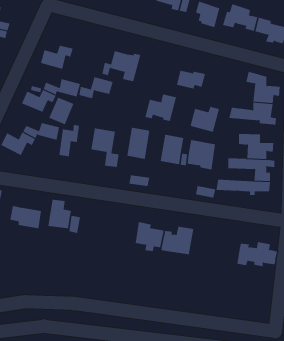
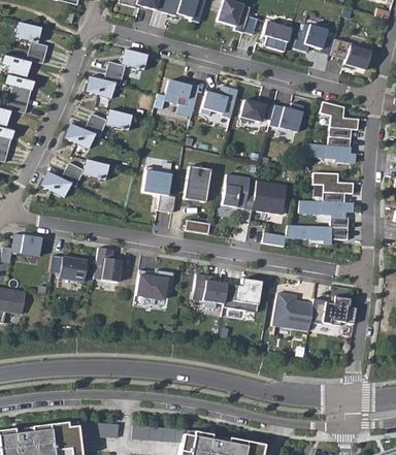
building: [78,76,114,99] -> [107,50,147,75]
building: [145,94,177,122] -> [202,86,239,118]
building: [48,97,74,125] -> none
building: [190,106,220,132] -> [270,102,304,132]
building: [59,124,79,157] -> none
building: none -> [136,269,174,299]
building: none -> [273,292,314,330]

